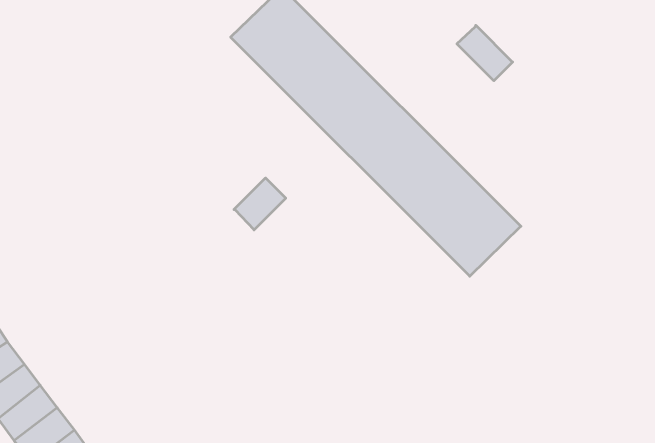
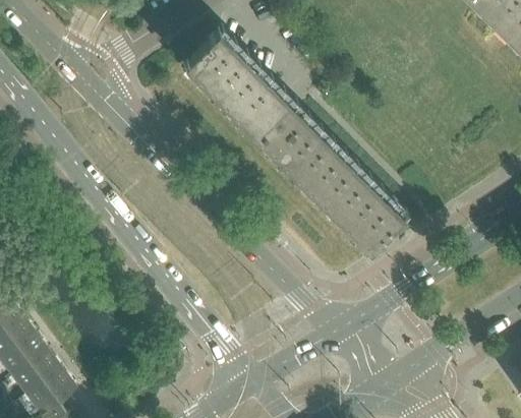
building: [457,25,513,81] -> none
building: [234,178,286,230] -> none

